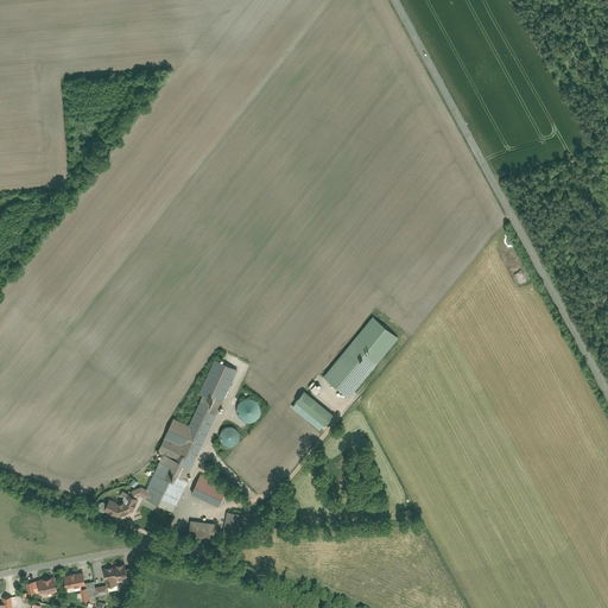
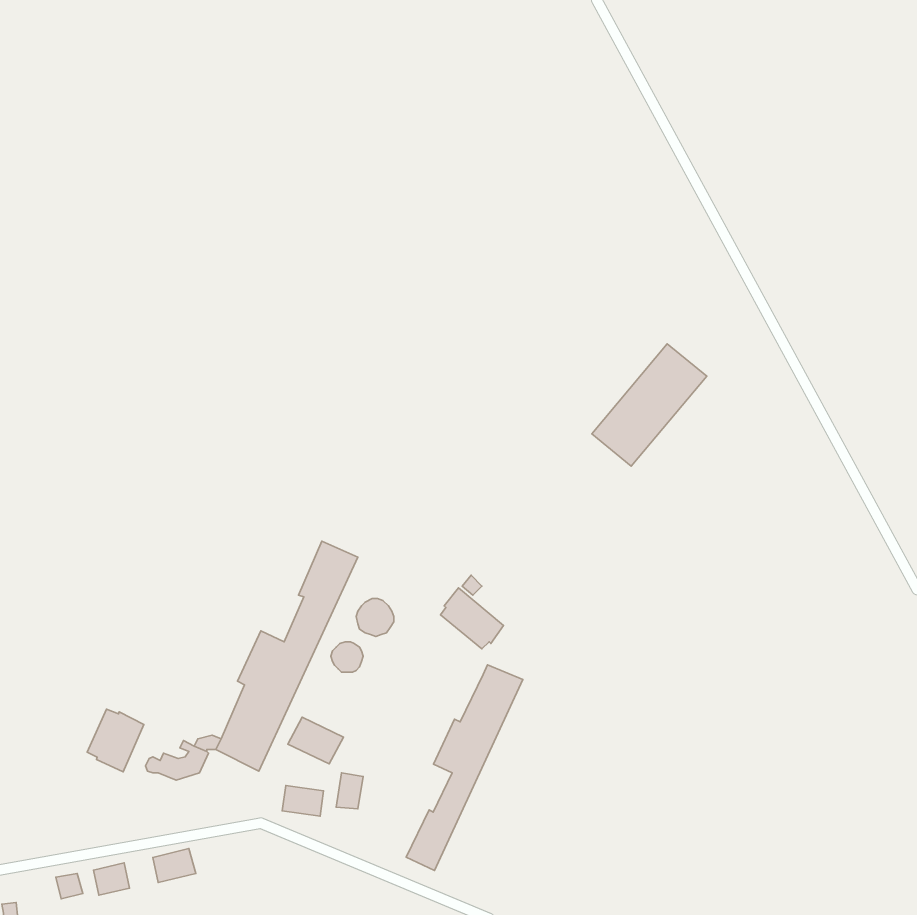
building: [322,318,398,399] -> [592,344,707,466]
building: none -> [406,665,523,870]
building: none -> [87,709,144,772]

